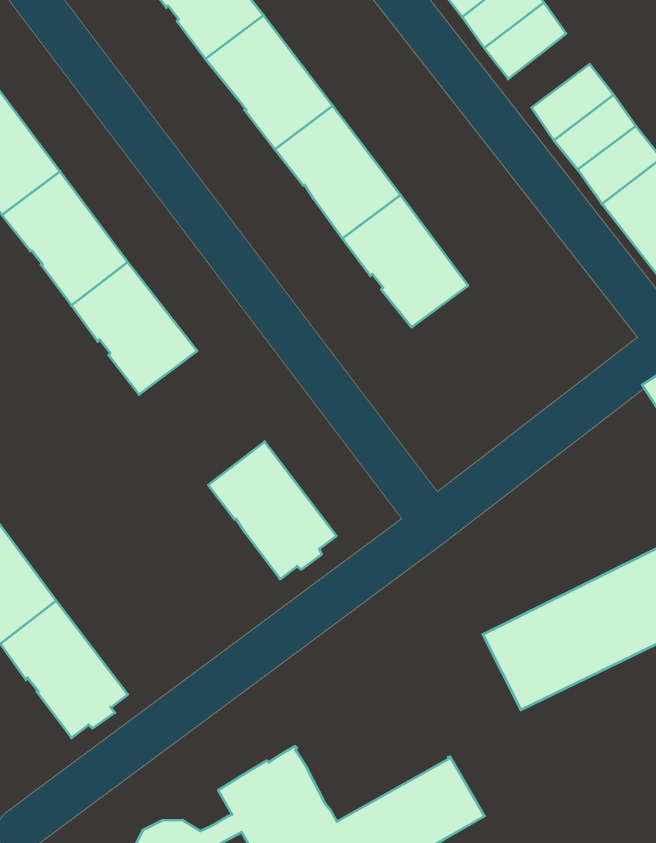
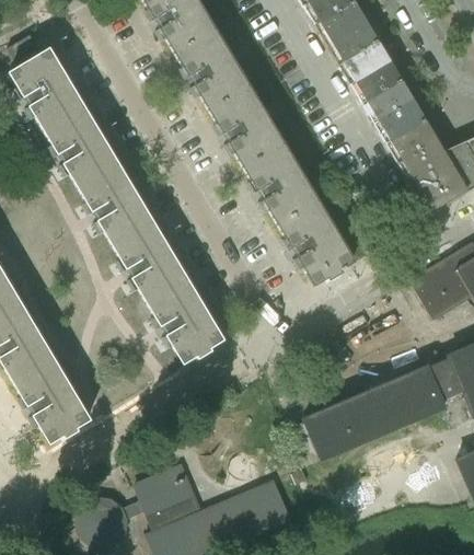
building: none -> [354,61,403,103]
building: none -> [280,204,354,287]
building: none -> [115,224,186,304]

